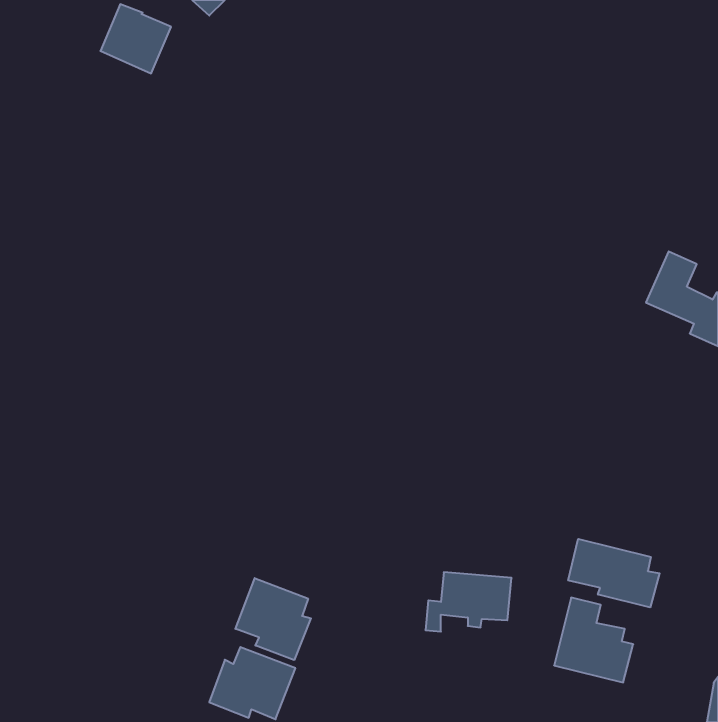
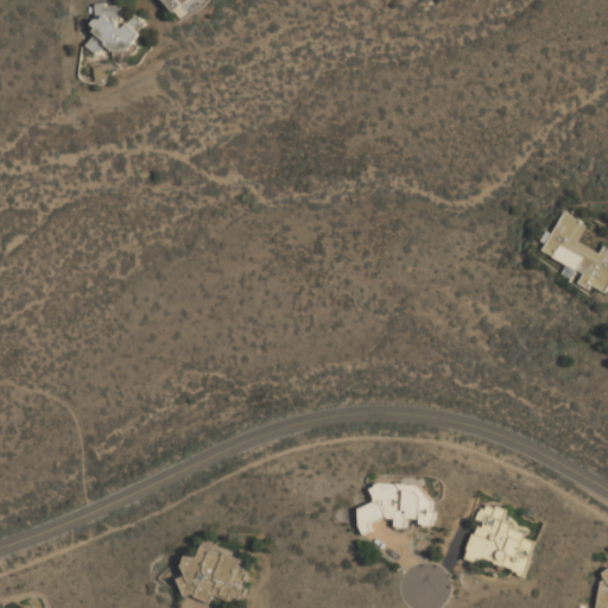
building: [568,539,660,607] -> none
building: [235,578,311,660] -> none

